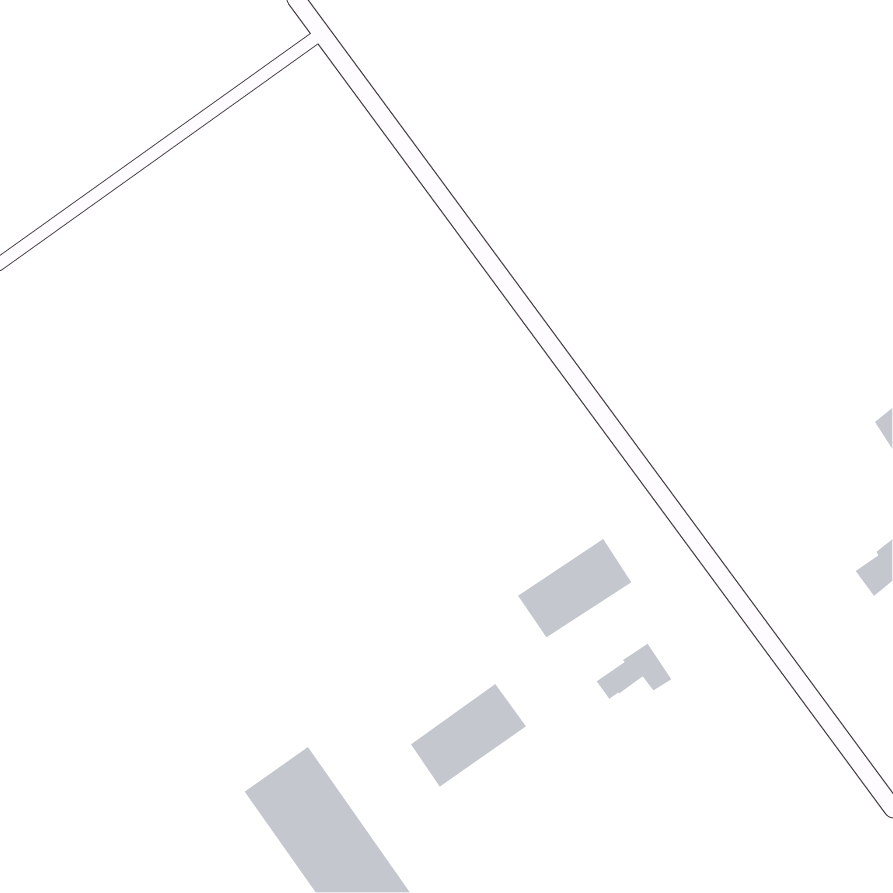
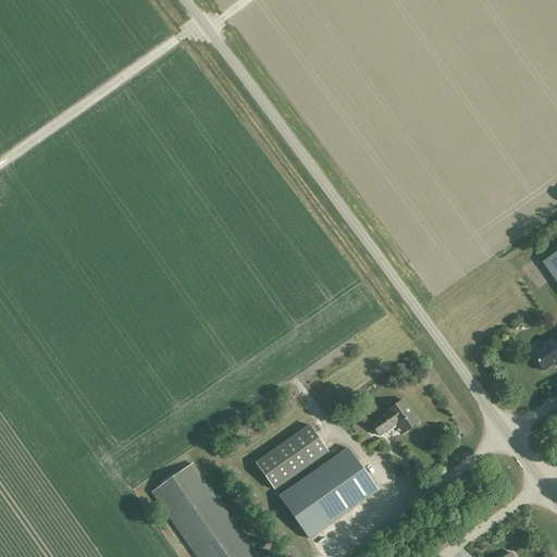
building: [517,538,632,639] -> none
building: none -> [278,448,376,539]

